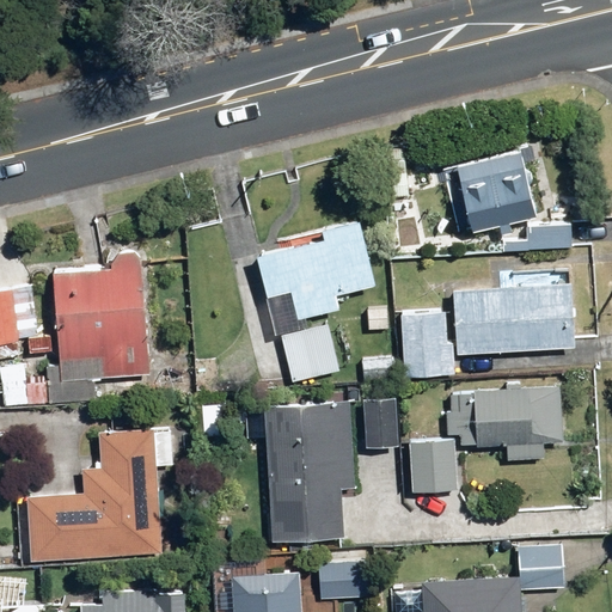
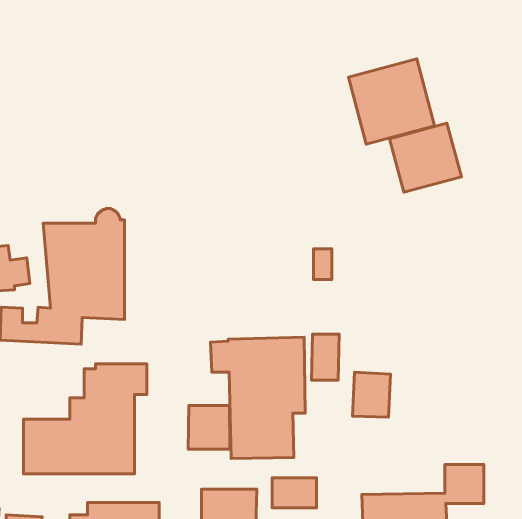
building: none -> [348,59,435,144]
building: [253,218,378,384] -> none
building: [400,286,570,378] -> none
building: [451,386,563,461] -> none
building: none -> [188,405,230,449]

